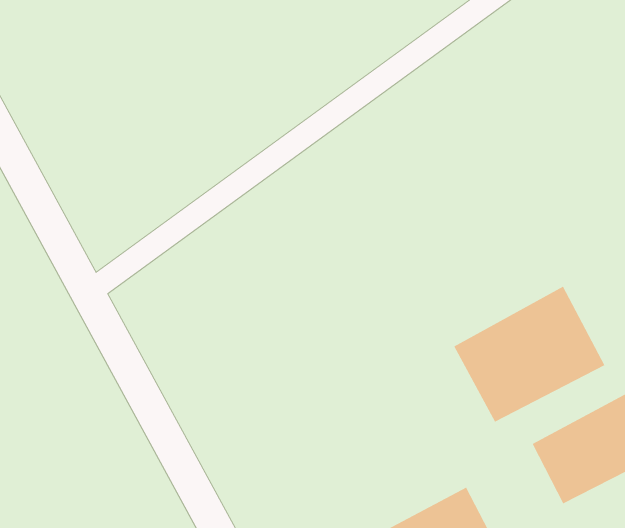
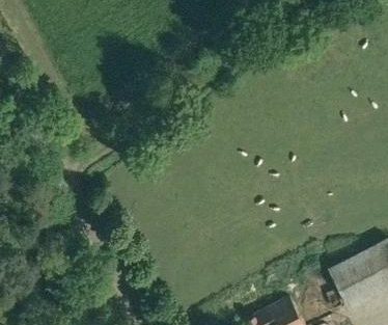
building: [454,286,605,423] -> none

